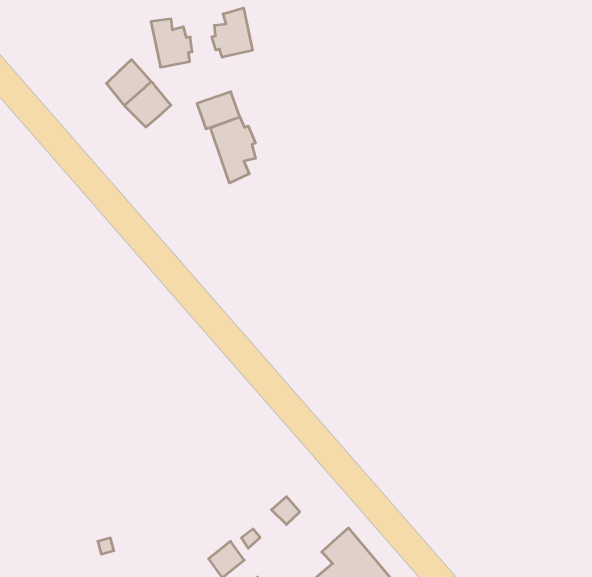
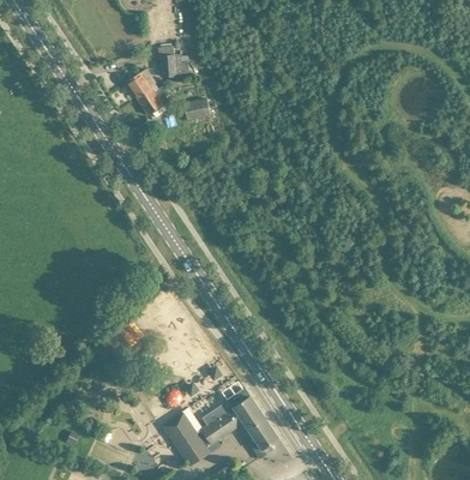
building: [212,8,252,57] -> none
building: [210,117,256,183] -> none

